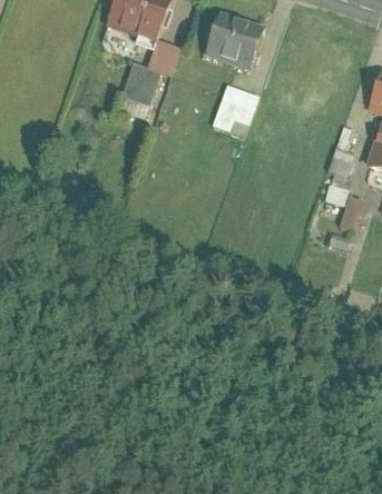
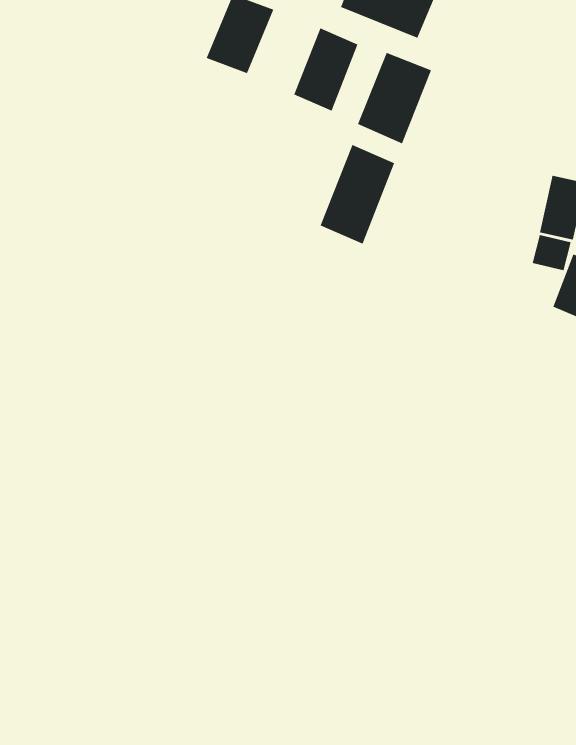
building: none -> [294,28,358,111]
building: none -> [320,144,395,244]

